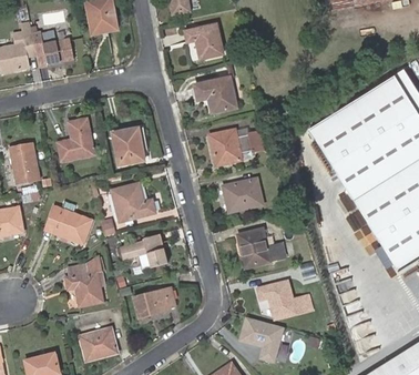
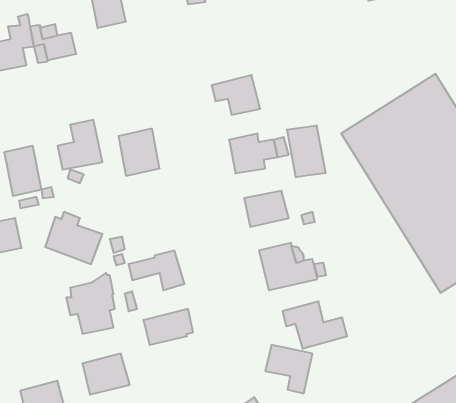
building: [185,24,223,59] -> none
building: none -> [287,125,325,177]
building: [110,181,159,222] -> none

